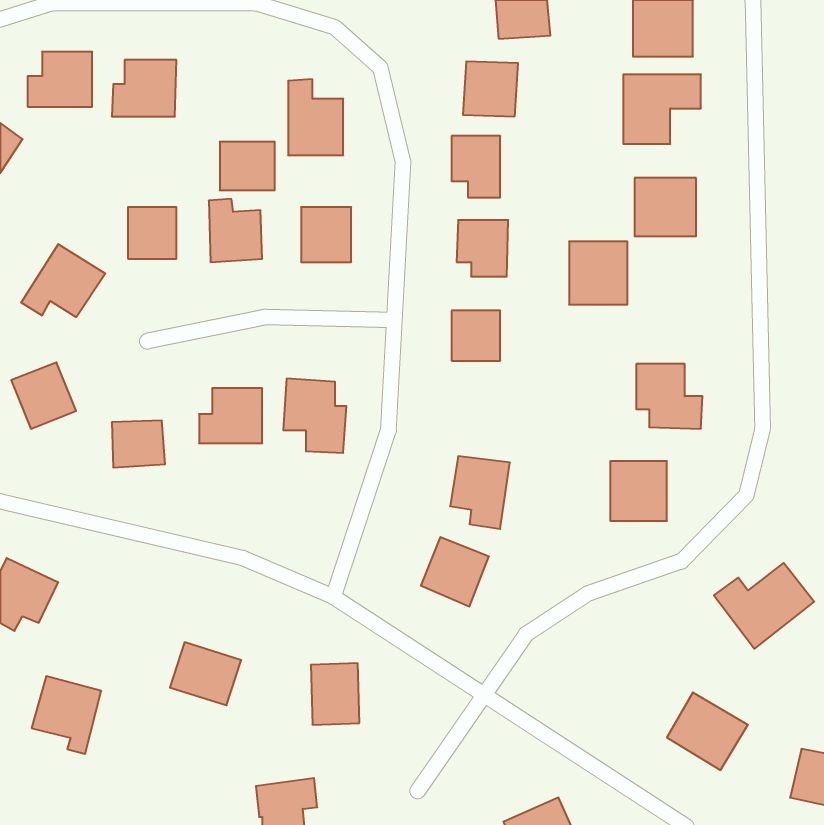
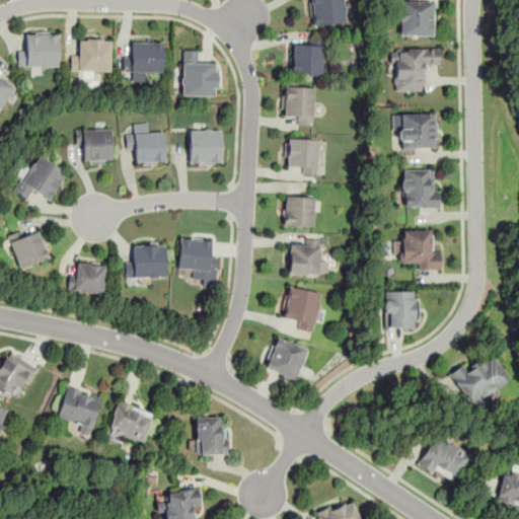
building: [220,142,275,190] -> [129,43,163,73]
building: [569,241,627,305] -> [402,168,439,208]
building: none -> [290,241,328,276]
building: [32,676,101,754] -> [58,386,101,435]

